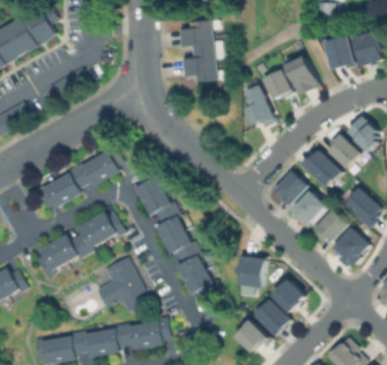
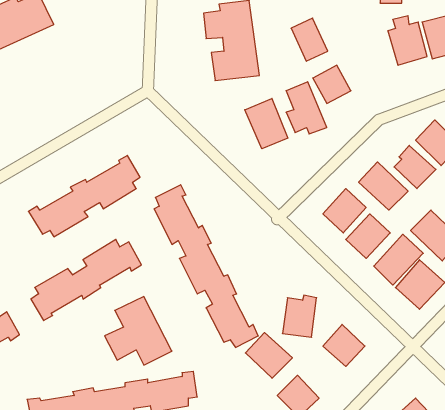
building: [289,60,319,95] -> [291,18,328,61]
building: none -> [245,98,288,149]
building: [253,299,290,336] -> [245,333,292,378]

